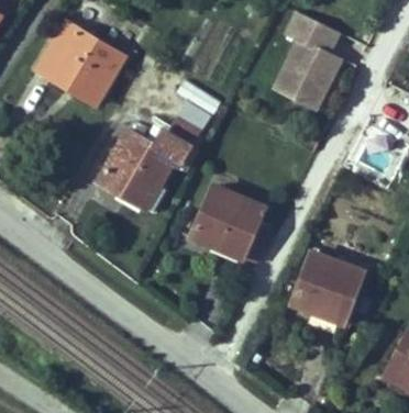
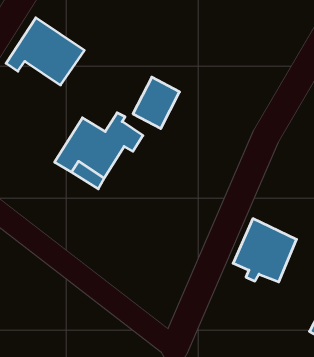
building: [270,19,338,116] -> none
building: [195,181,272,254] -> none

